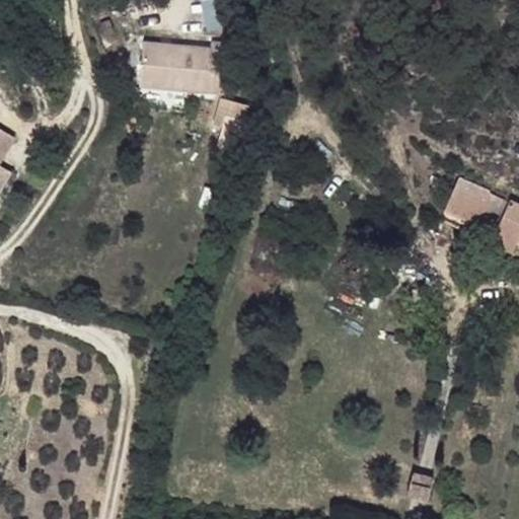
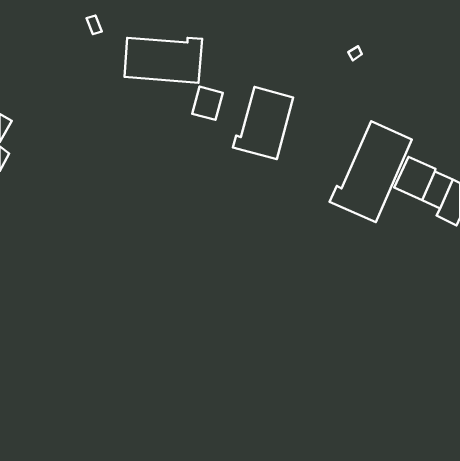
building: none -> [233,87,293,159]
building: none -> [330,121,412,222]

